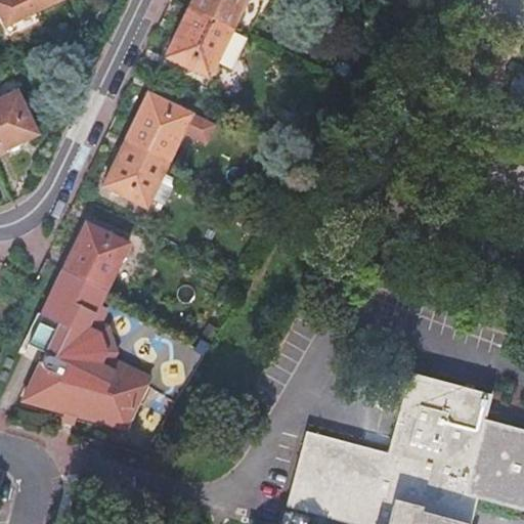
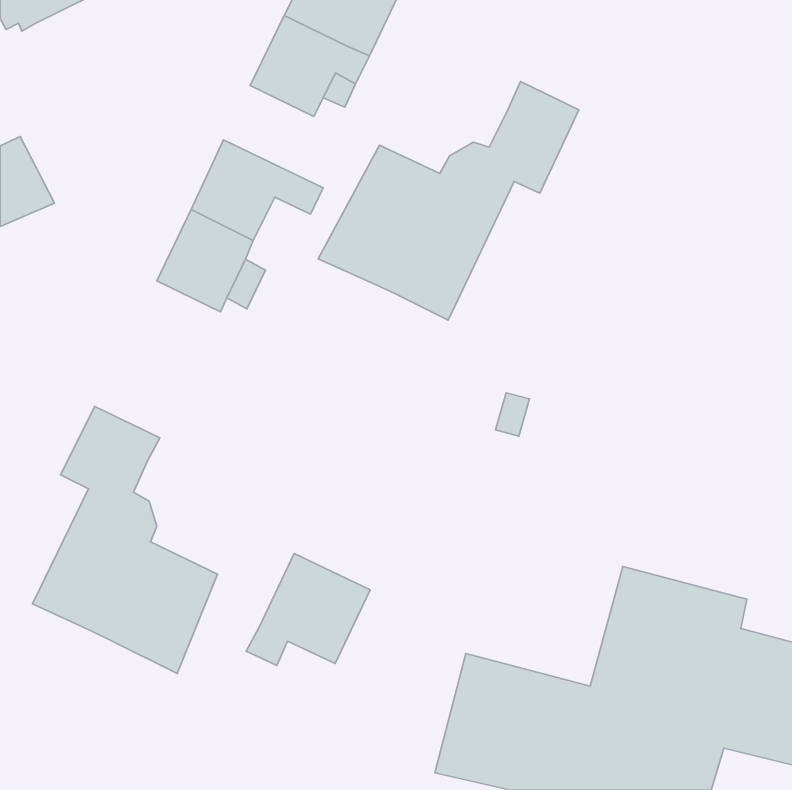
building: none -> [318,82,579,320]
building: [63,223,127,289] -> none
building: none -> [246,554,370,665]

